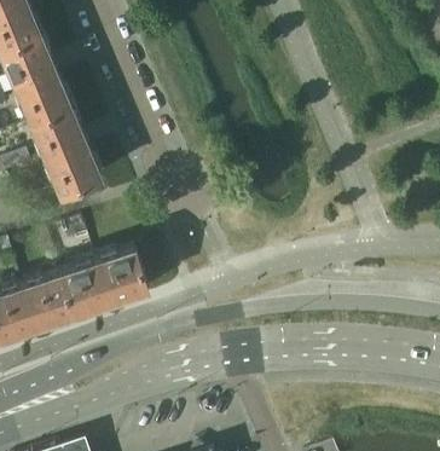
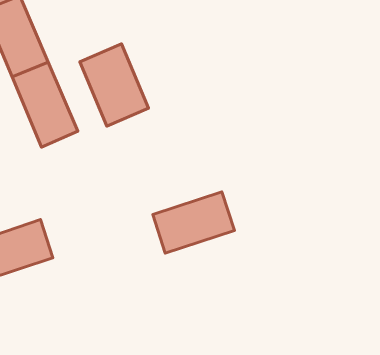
building: none -> [80,44,148,126]
building: [62,253,149,318] -> [153,192,234,253]

